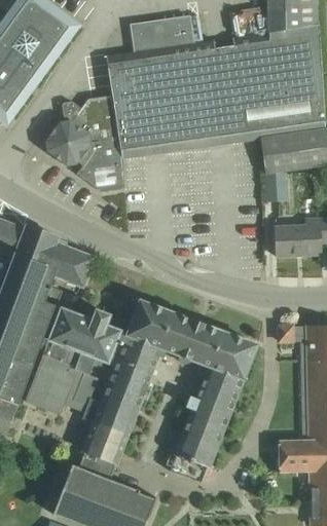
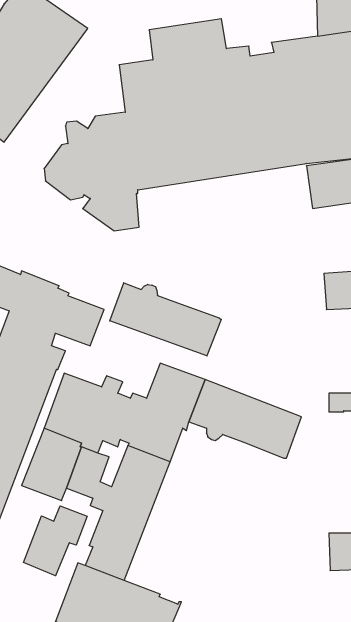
building: [264,174,287,201] -> none
building: none -> [110,283,221,356]
building: [170,366,244,482] -> none
building: none -> [23,506,87,576]

